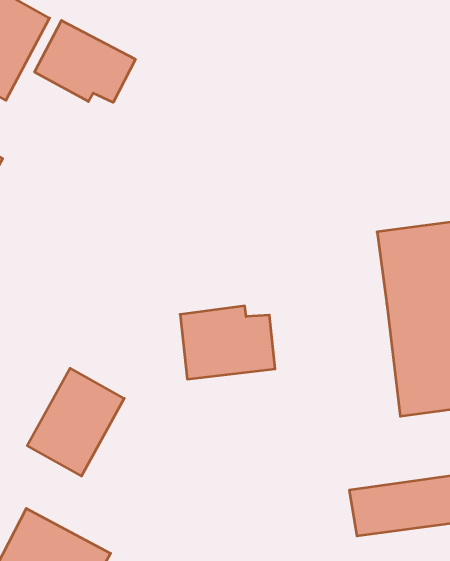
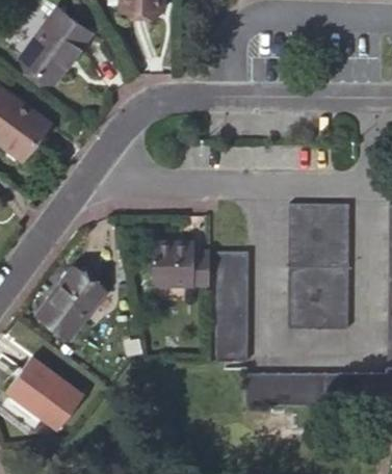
building: [35,20,135,102] -> none
building: none -> [218,253,251,363]

